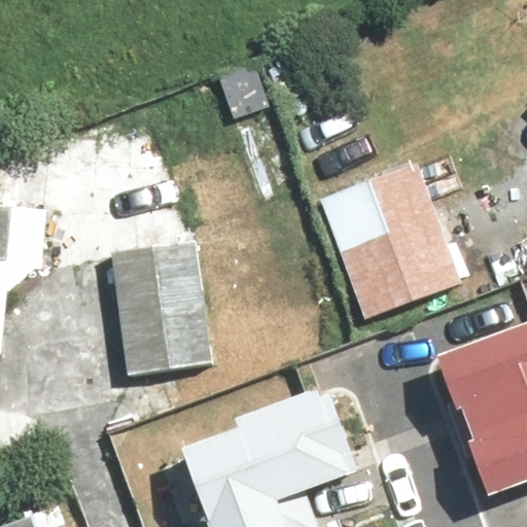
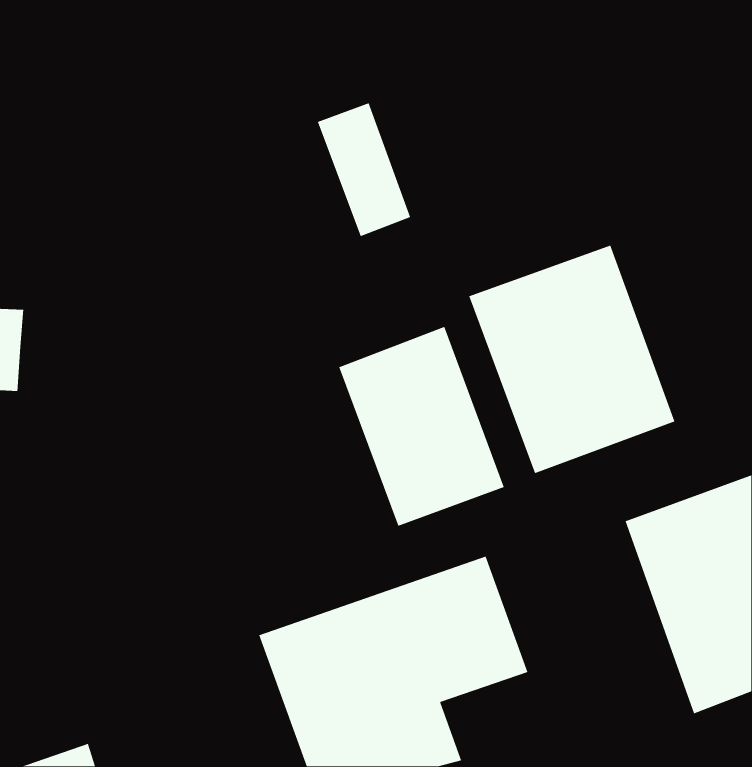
building: none -> [338,326,505,527]
building: [114,249,214,382] -> none

